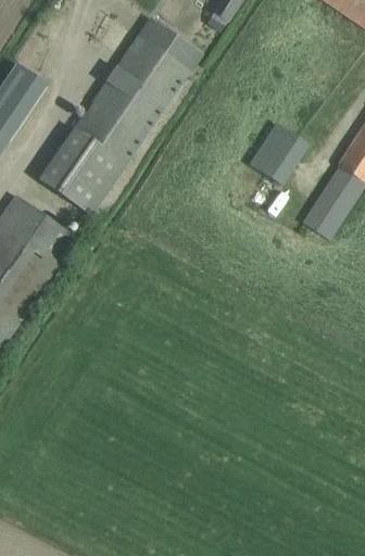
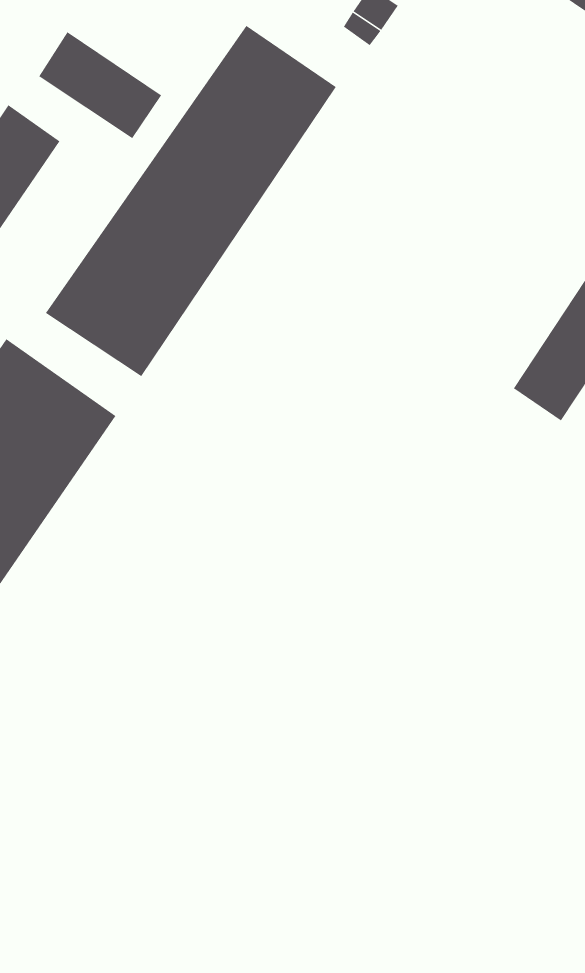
building: none -> [38,31,162,139]
building: [251,123,311,185] -> none

